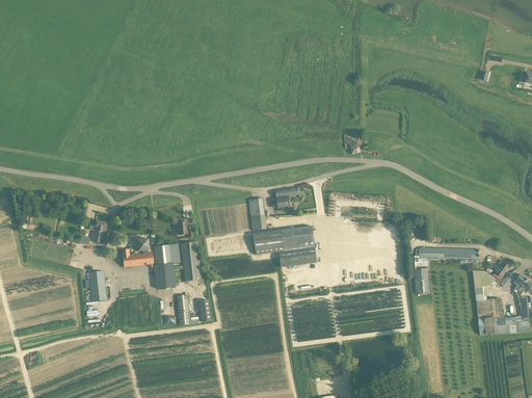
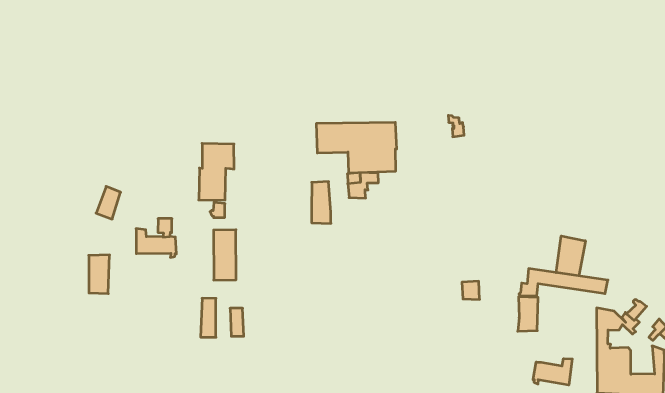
building: none -> [556,236,585,276]
building: [252,225,316,267] -> [316,122,397,173]
building: [153,243,179,288] -> [199,143,234,200]
building: none -> [533,359,572,385]

